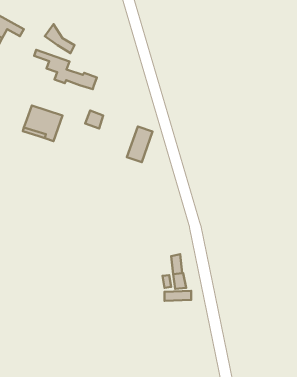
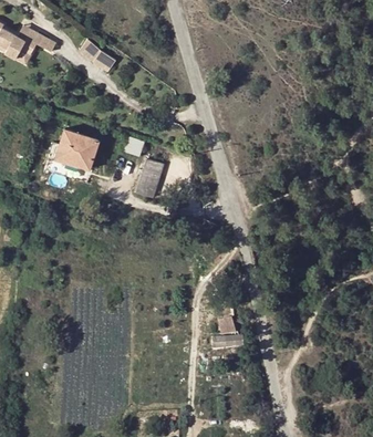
building: [34,50,97,89] -> none
building: [127,126,153,162] -> [135,158,164,198]

